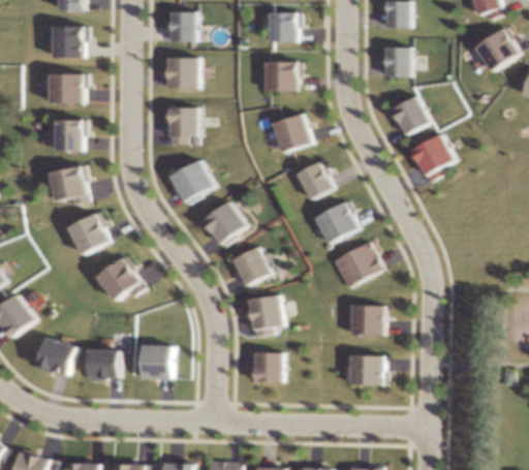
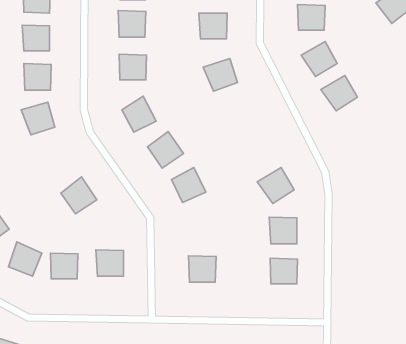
building: [292,158,335,202] -> none
building: [313,198,357,242] -> none
building: [67,212,112,254] -> none
building: [245,293,286,333] -> none

